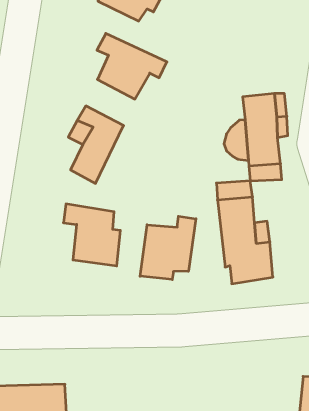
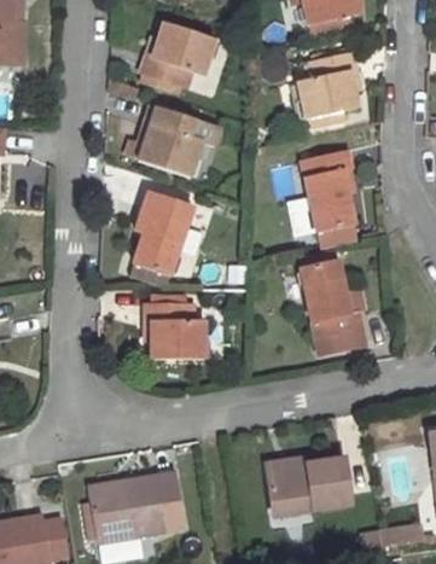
building: none -> [300,58,355,116]
building: [140,216,196,280] -> none
building: none -> [273,454,347,495]

